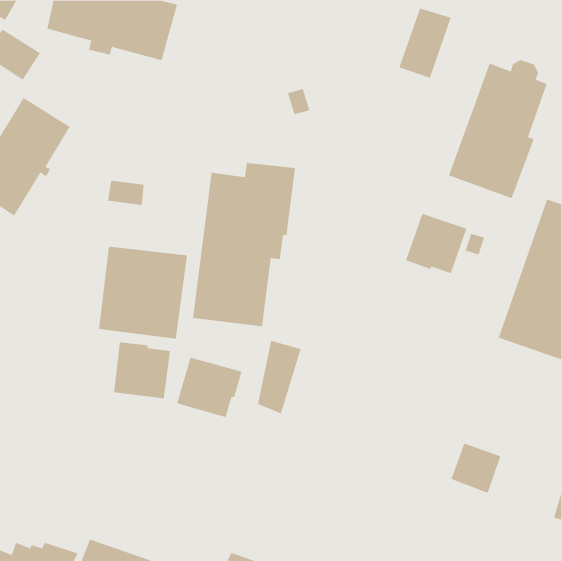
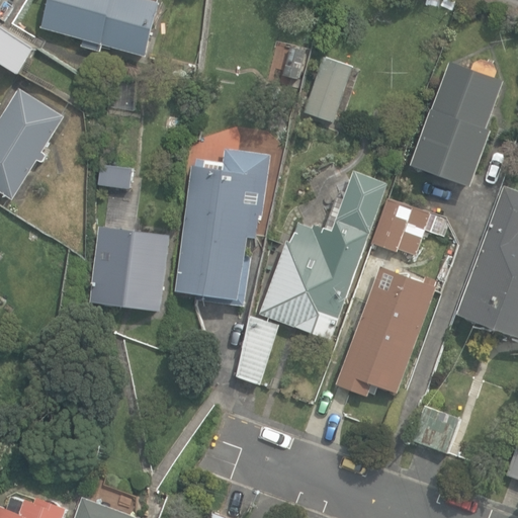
building: [399,8,452,78] -> [304,56,352,120]
building: none -> [259,169,388,338]
building: none -> [334,264,434,394]
building: [113,341,170,399] -> none
building: [177,357,242,418] -> none

